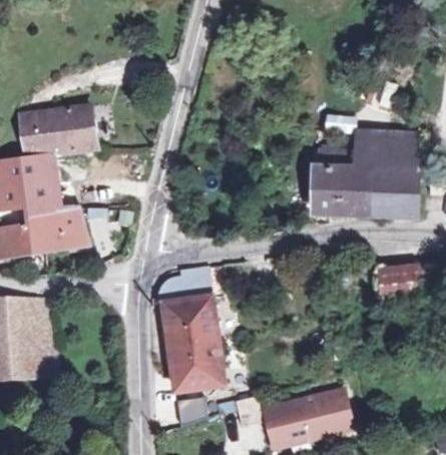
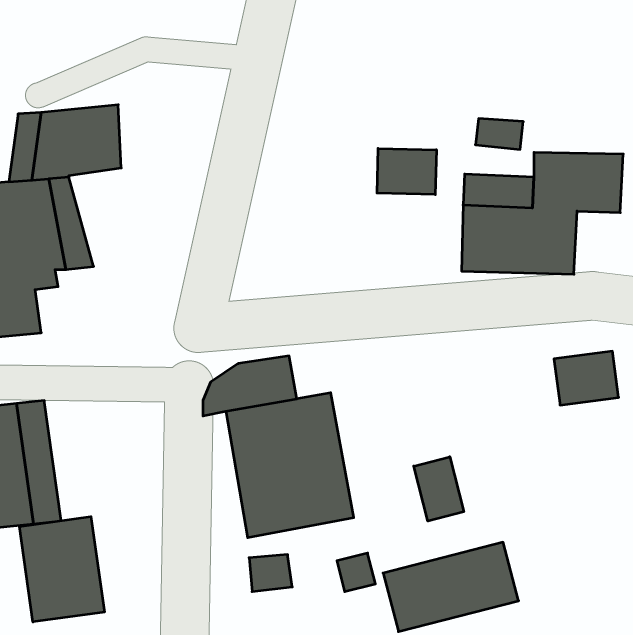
building: none -> [377,148,436,195]
building: [388,174,418,216] -> none
building: [37,210,86,254] -> none
building: none -> [414,457,464,521]
building: none -> [19,517,104,622]

